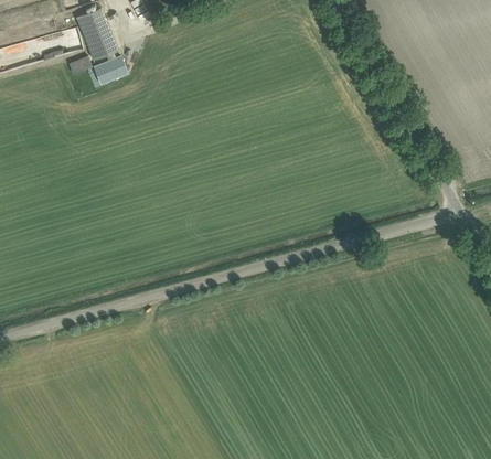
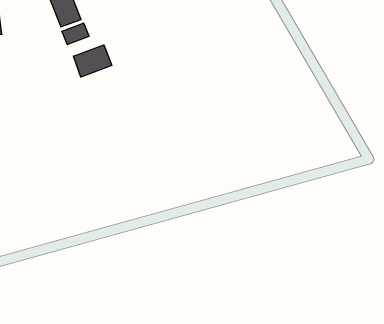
building: none -> [73,45,112,77]

